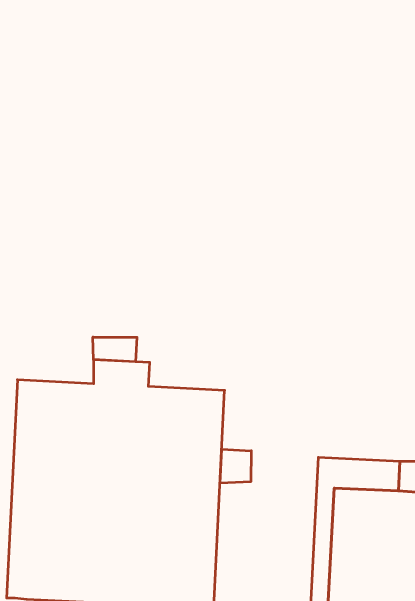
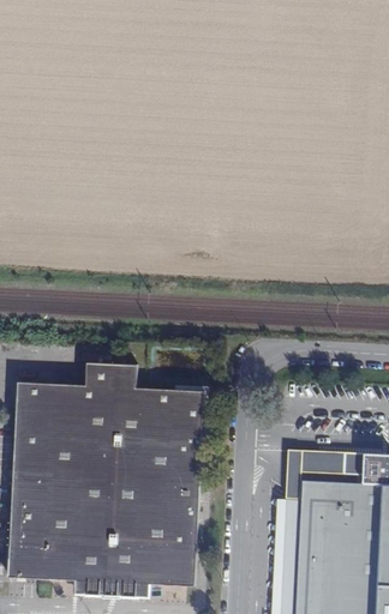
building: [93,337,137,362] -> none
building: [220,449,251,483] -> none

